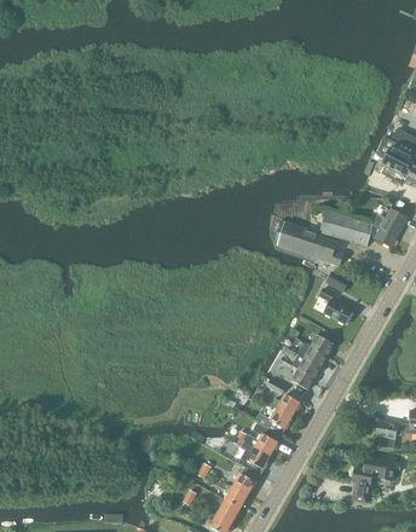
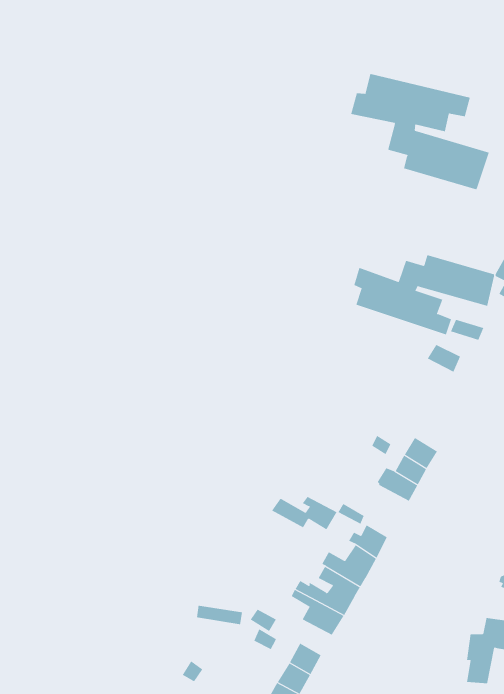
building: none -> [350,73,490,190]
building: [319,288,352,324] -> none
building: [270,366,314,389] -> [271,496,338,530]

